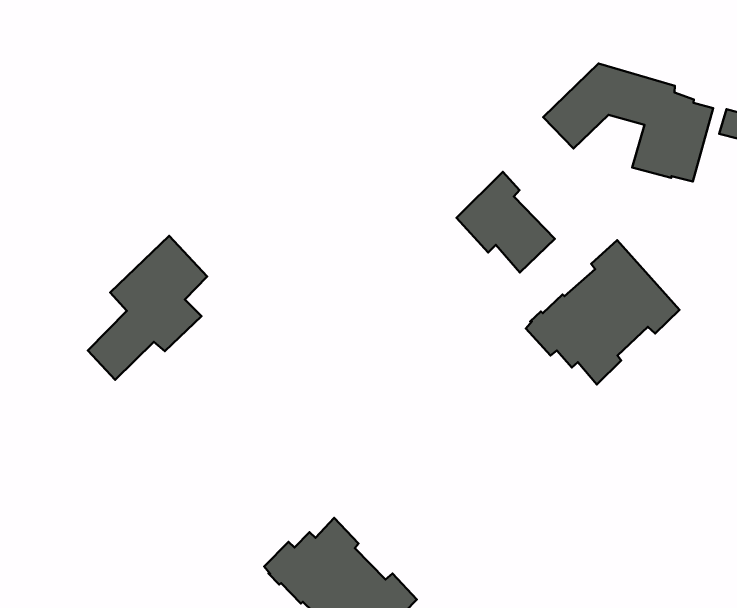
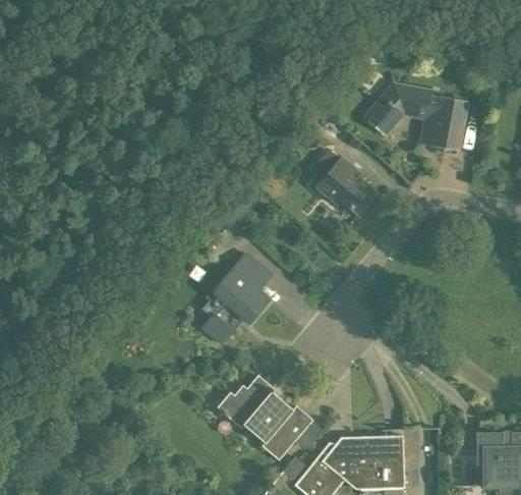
building: [88,236,207,380] -> [204,253,272,343]
building: [526,240,679,384] -> none

